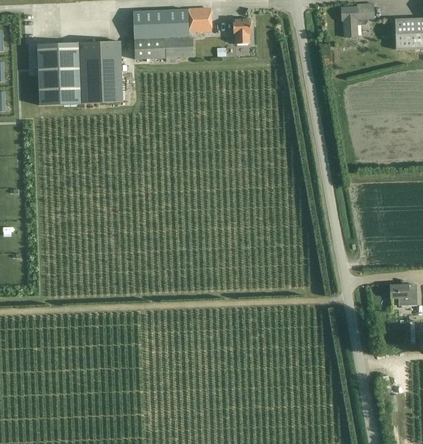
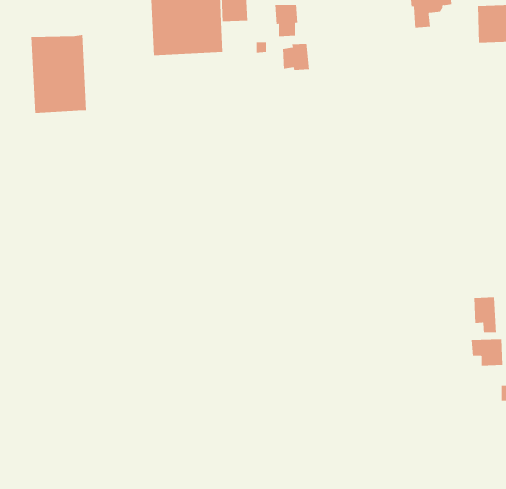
building: [80,43,123,105] -> none
building: none -> [282,43,310,71]
building: none -> [474,296,496,333]

